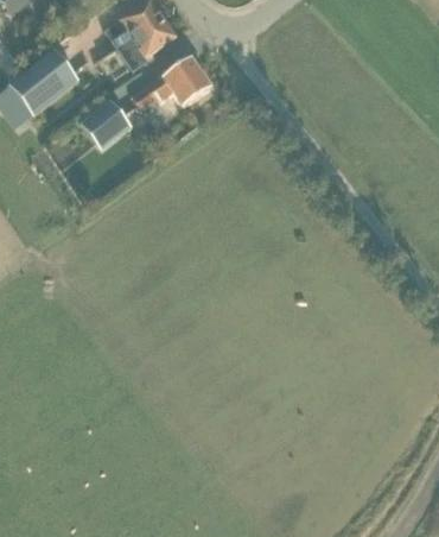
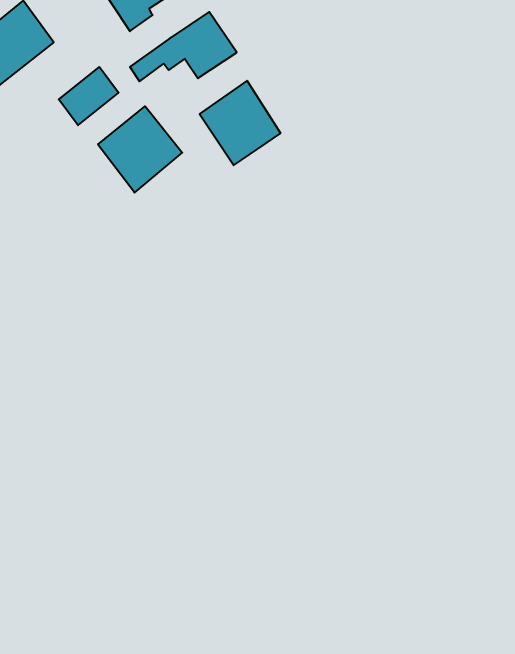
building: none -> [200,81,280,165]
building: none -> [98,106,182,193]

